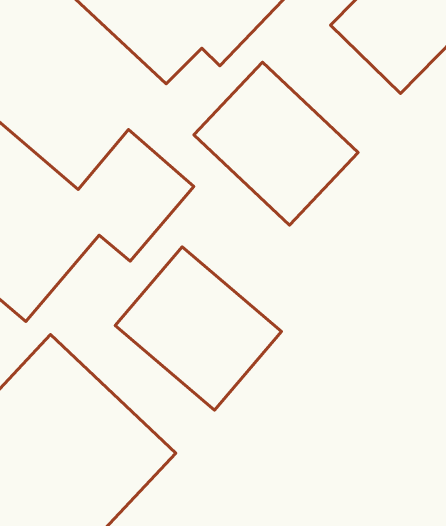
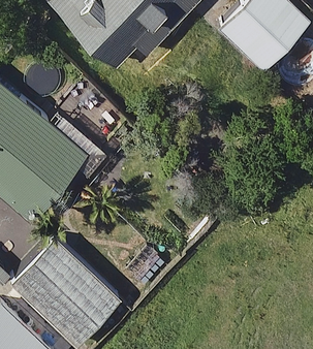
building: [194,62,358,225] -> none
building: [115,247,282,410] -> none

